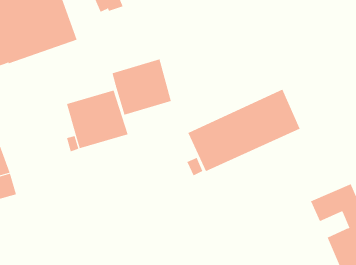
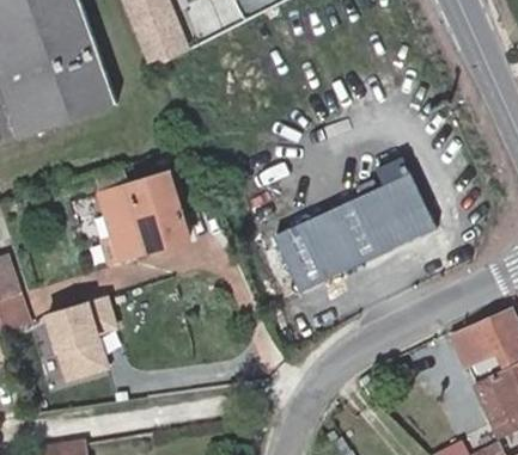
building: [112,59,172,116] -> none
building: none -> [49,297,115,379]

